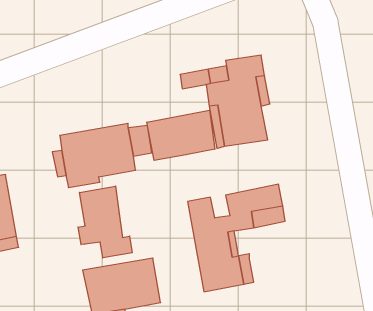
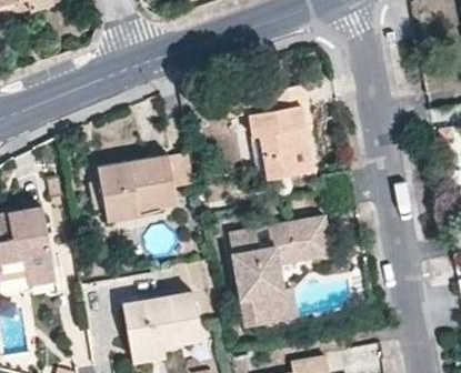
building: [147,110,215,160] -> none
building: [78,186,132,258] -> none

